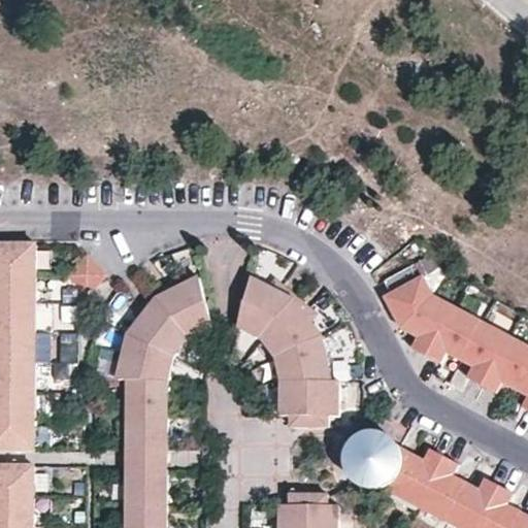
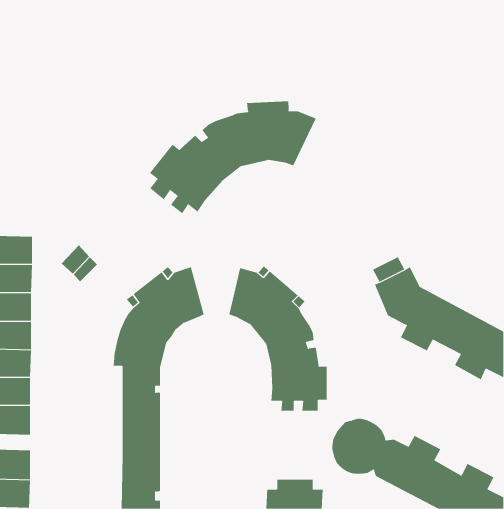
building: none -> [149,100,317,214]

